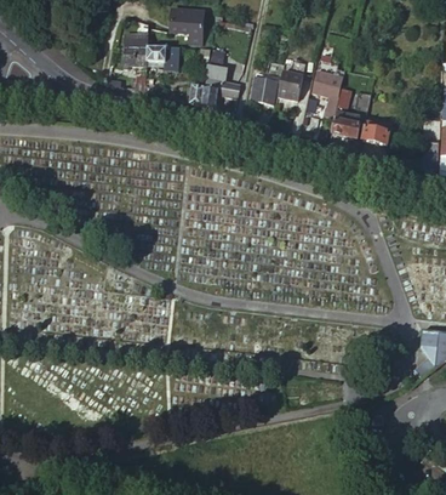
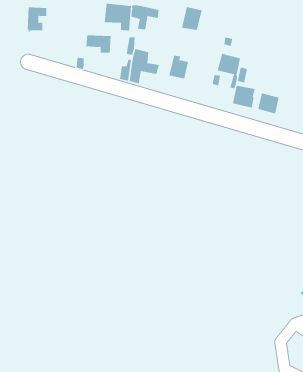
building: none -> [131,4,159,30]
building: [122,35,148,68] -> [27,7,47,33]
building: [276,70,303,101] -> [181,6,202,31]

